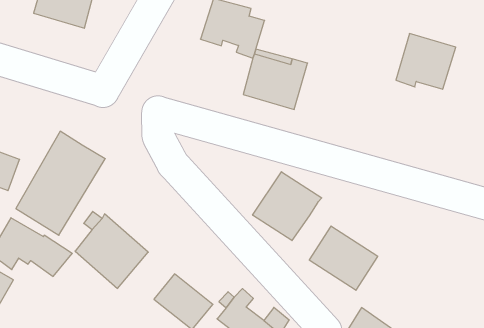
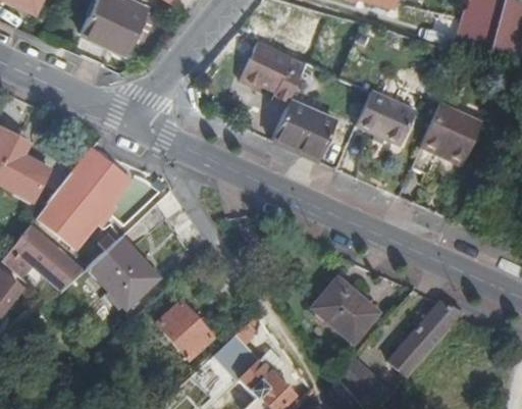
building: none -> [356,92,415,146]
building: [253,172,322,241] -> none
building: none -> [388,303,472,377]

